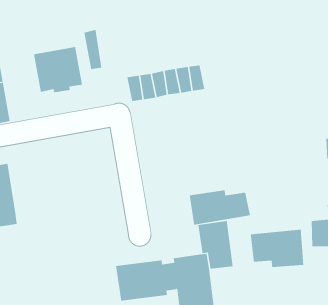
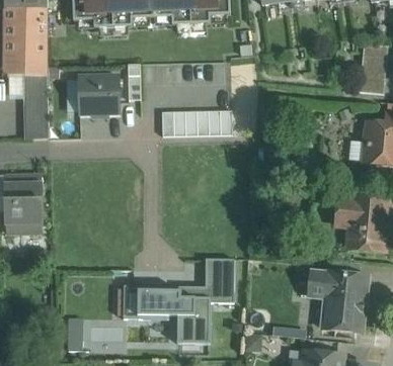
building: [189,189,251,226] -> none
building: [250,229,304,268] -> none

